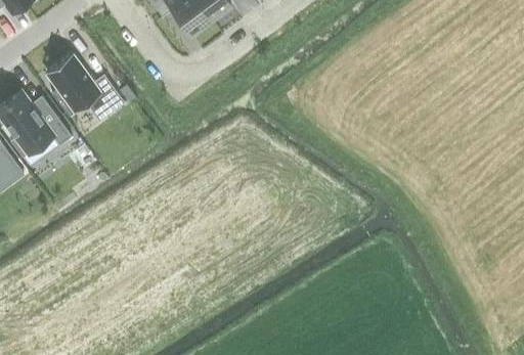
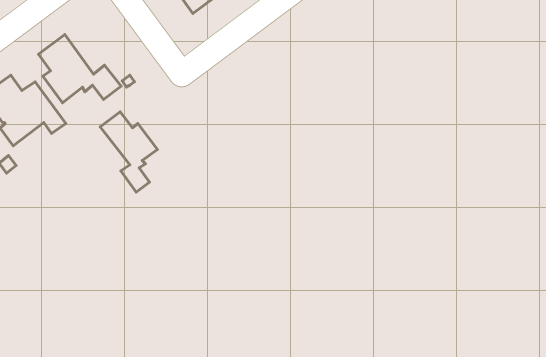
building: none -> [100,112,158,192]

